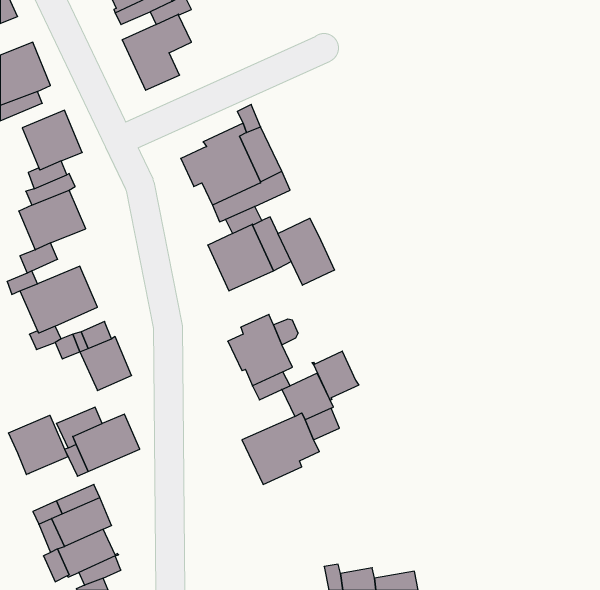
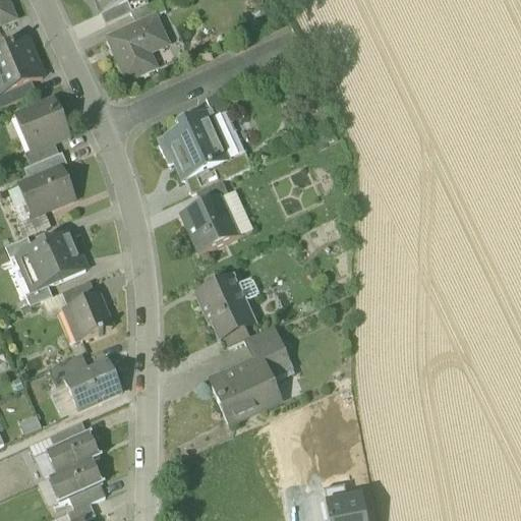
building: [278,218,335,285] -> none
building: [312,351,359,400] -> none
building: [9,415,68,475] -> none

